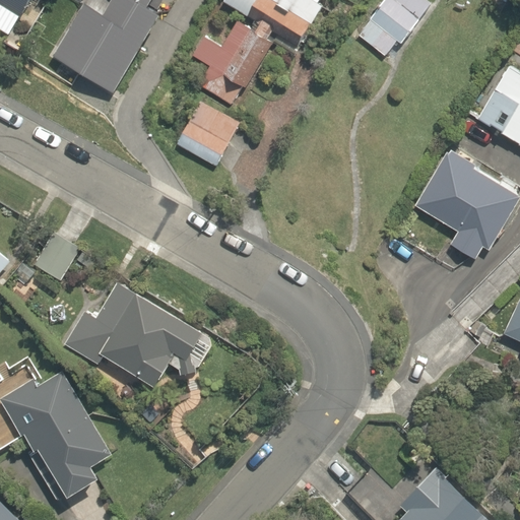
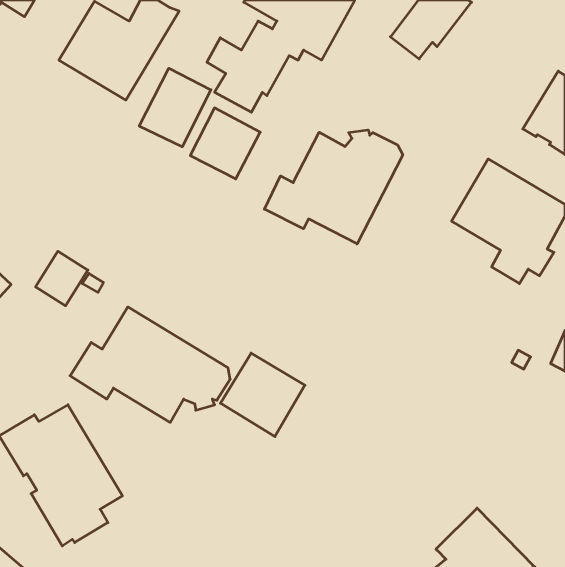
building: none -> [139,68,211,147]
building: none -> [264,130,403,244]
building: none -> [220,353,305,437]

